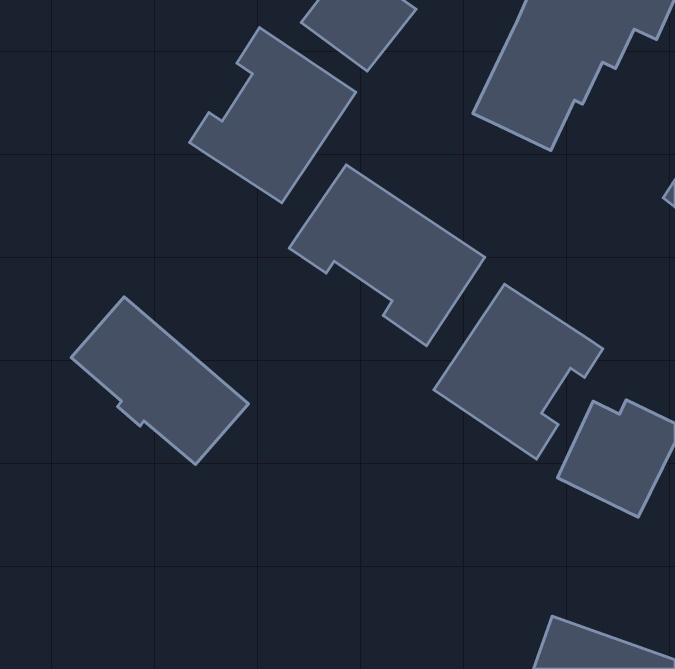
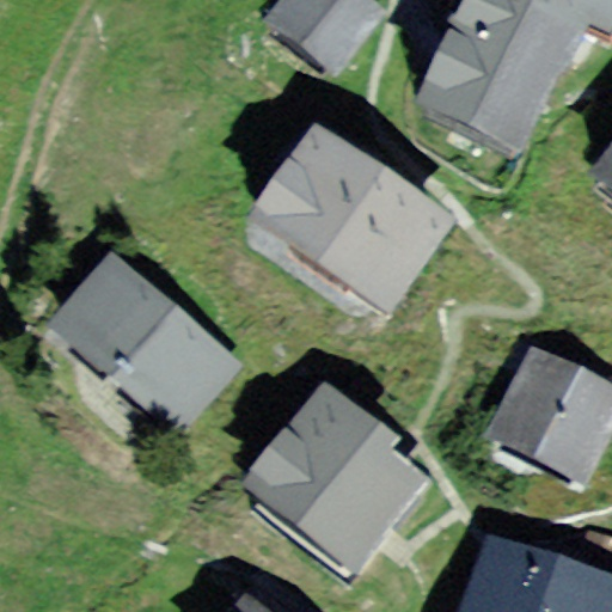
building: [190,27,356,203] -> none
building: [434,284,603,459] -> none
building: none -> [263,400,405,556]

